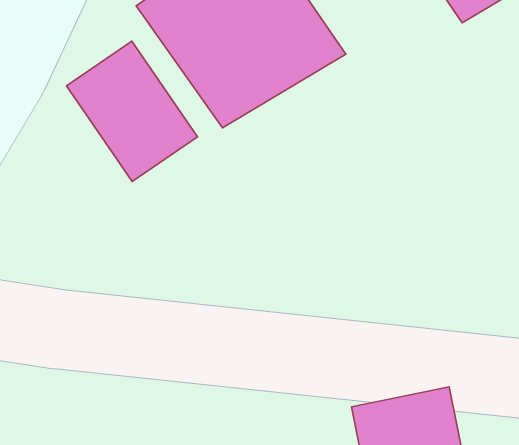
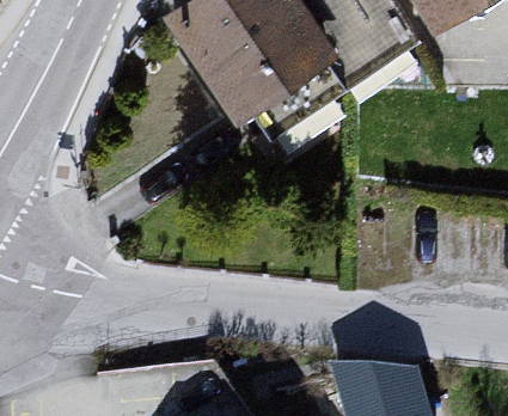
building: [66,41,198,182] -> none

